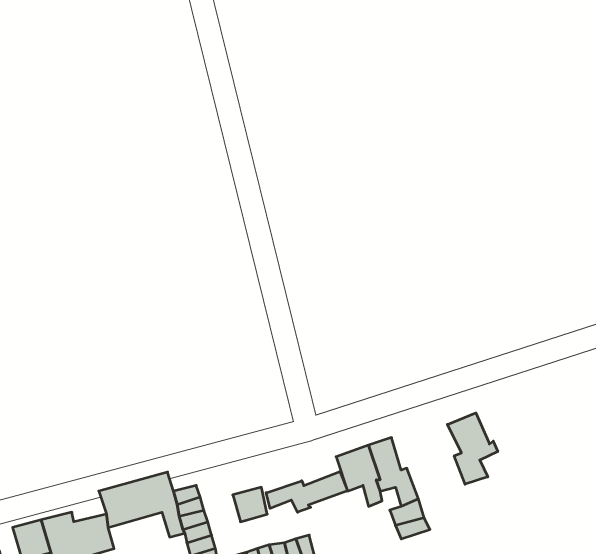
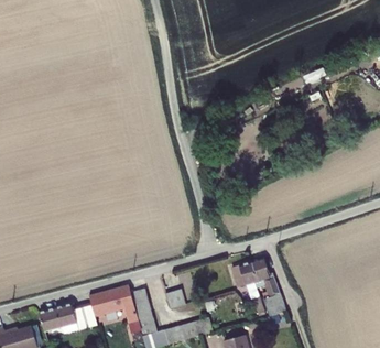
building: [447,413,498,484] -> none
building: [266,471,347,512] -> none

